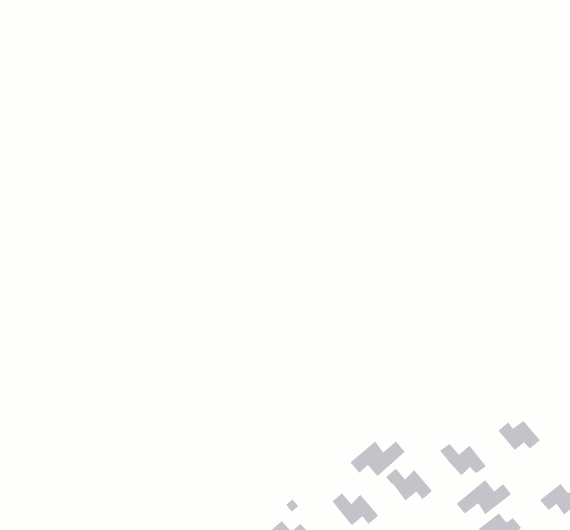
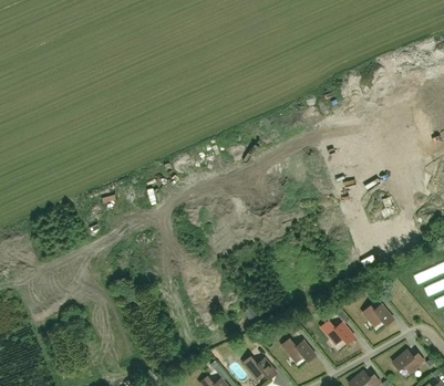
building: [350,440,406,477] -> none
building: [456,479,512,515] -> none

